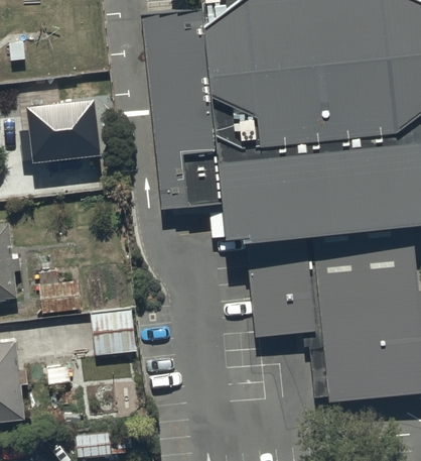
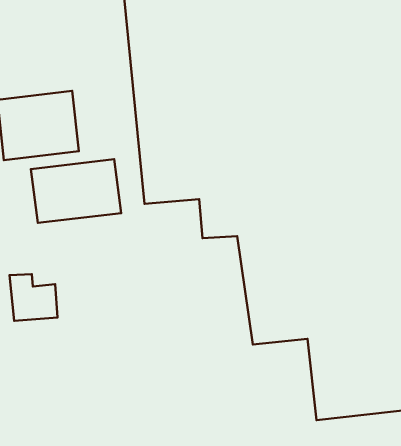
building: none -> [31,159,121,223]
building: [92,310,137,354] -> none

